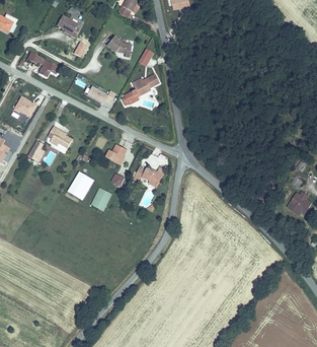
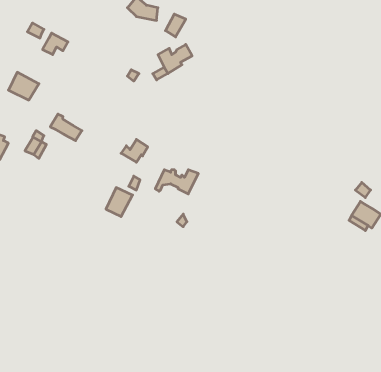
building: [67,170,94,199] -> none

